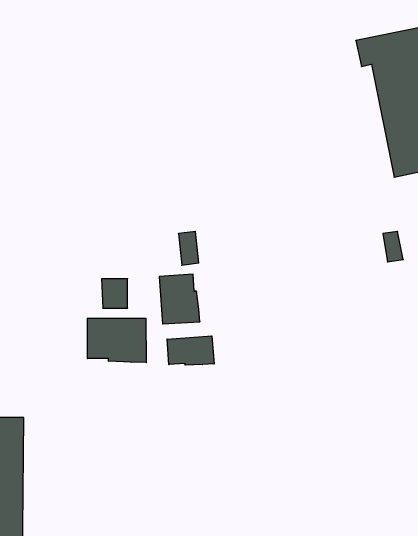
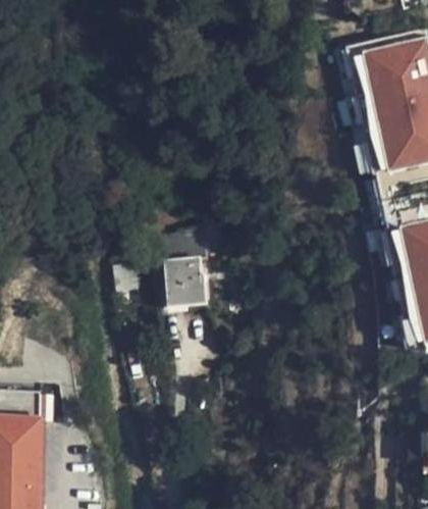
building: [87,318,146,363] -> none
building: [167,336,214,365] -> none

